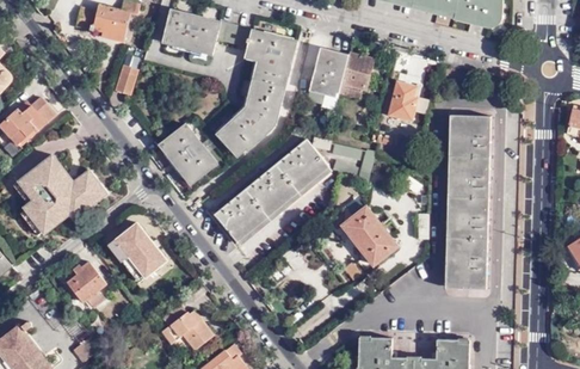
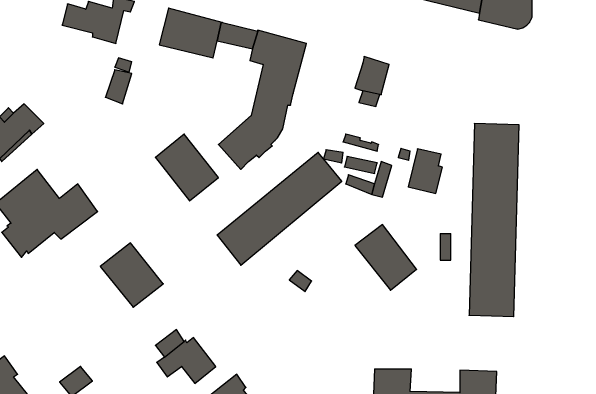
building: [306,50,347,104] -> none
building: [387,80,418,121] -> [408,149,442,193]
building: [66,260,106,308] -> none

